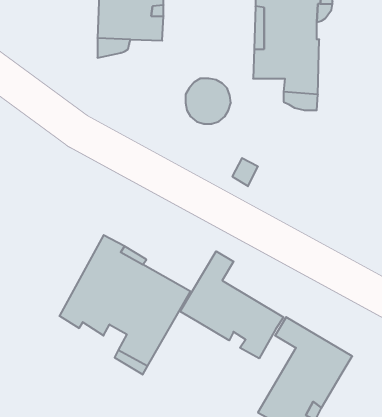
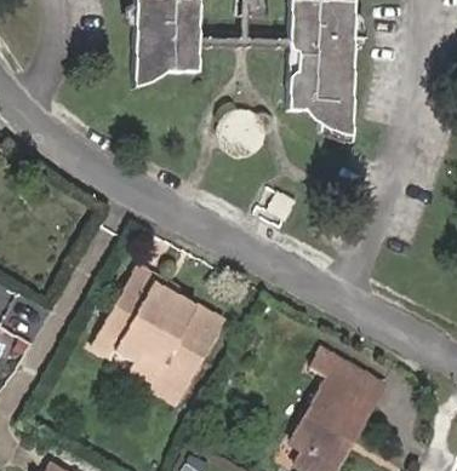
building: [180,251,283,358] -> none

